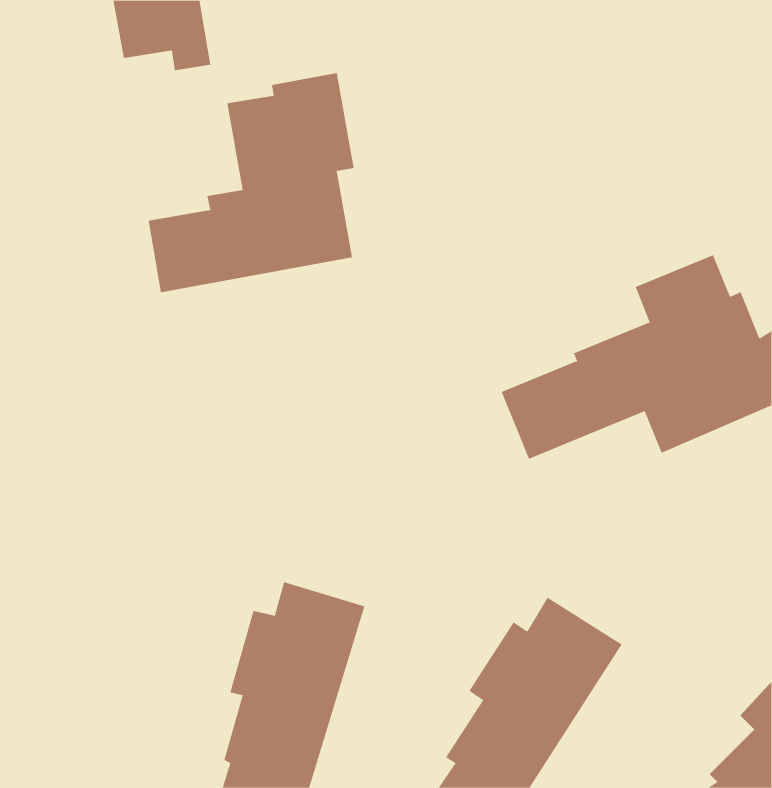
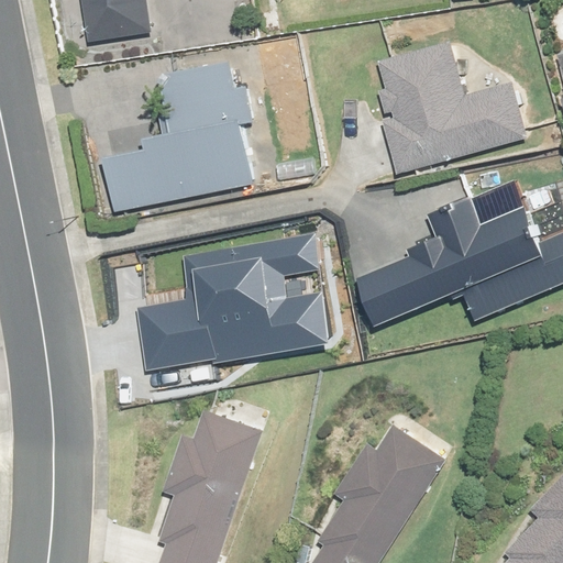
building: none -> [377,44,525,174]
building: none -> [120,240,311,373]

